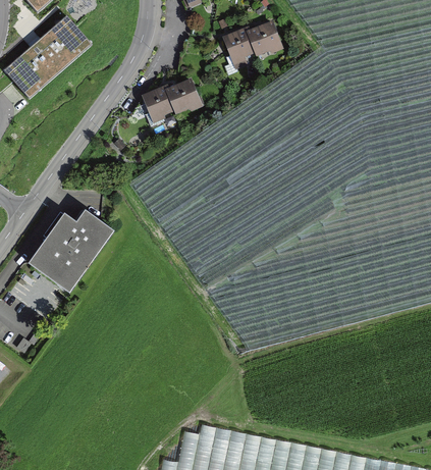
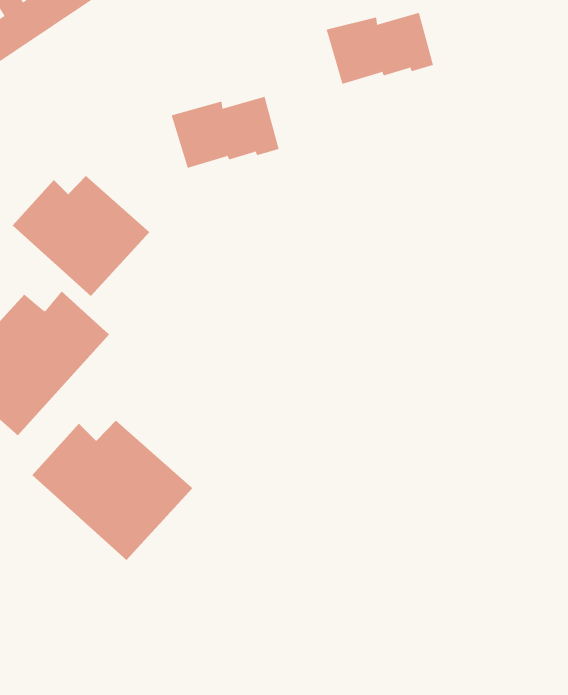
building: none -> [12,175,150,297]
building: none -> [32,420,193,561]

